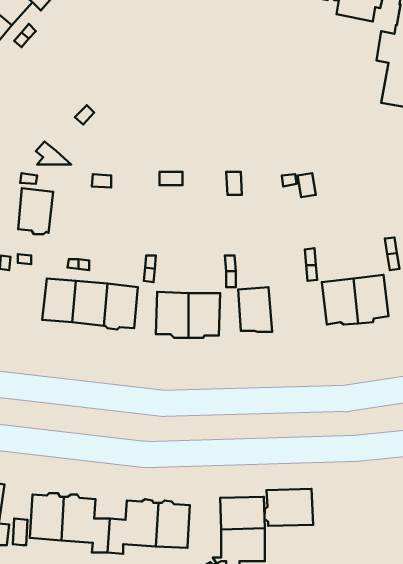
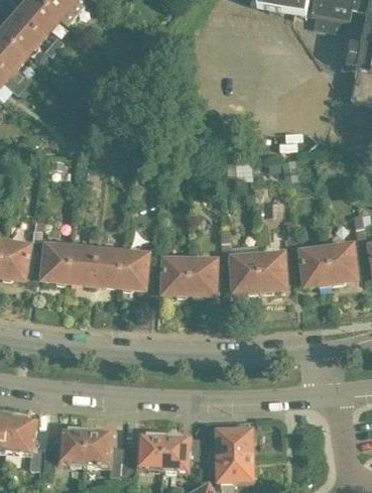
building: [18,188,53,234] -> [42,243,72,281]
building: none -> [256,252,285,290]
building: [265,489,313,526] -> none

